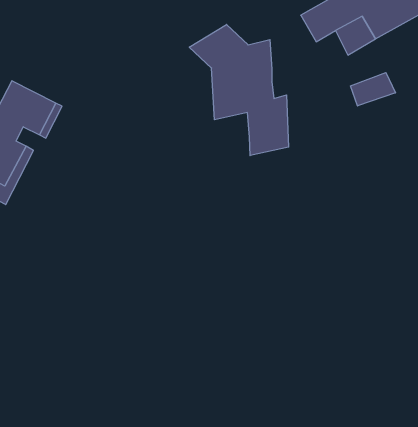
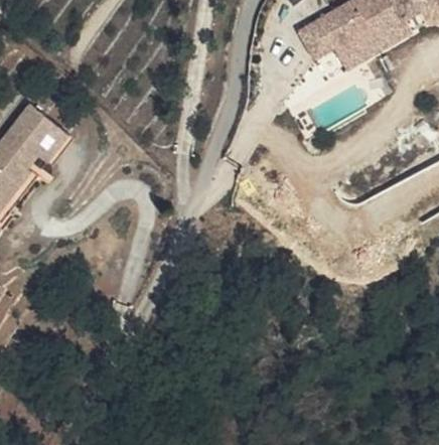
building: [189,24,289,156] -> none
building: [351,73,395,106] -> none

